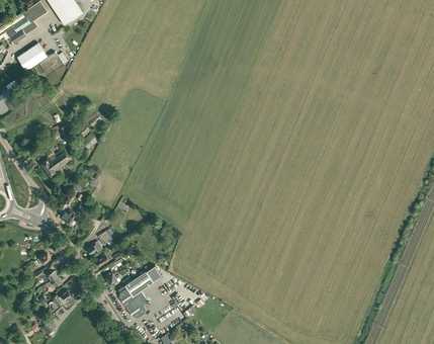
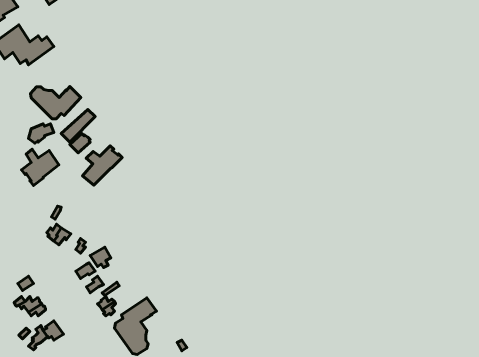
building: none -> [31,86,81,119]
building: none -> [82,146,122,185]

